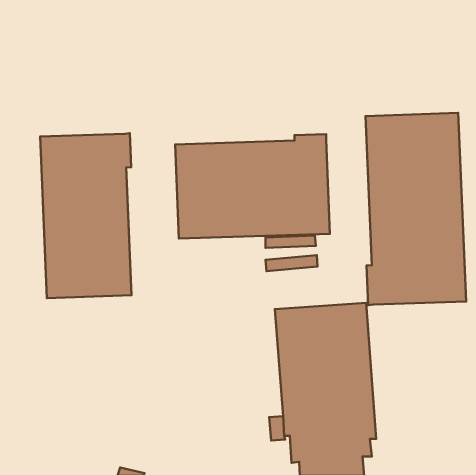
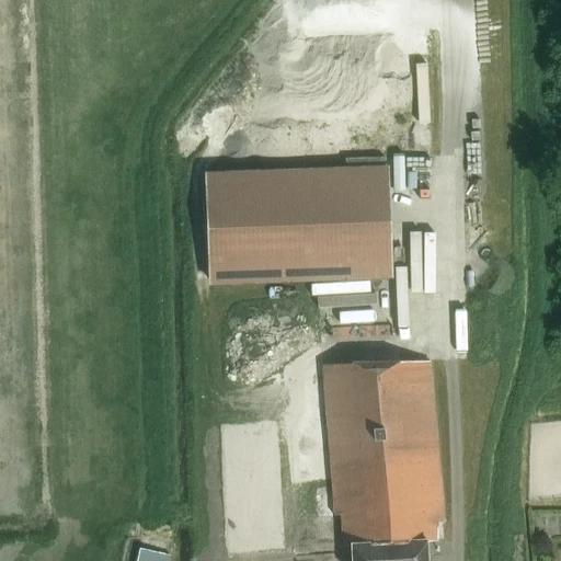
building: [366,113,466,305] -> none
building: [40,133,132,298] -> none

